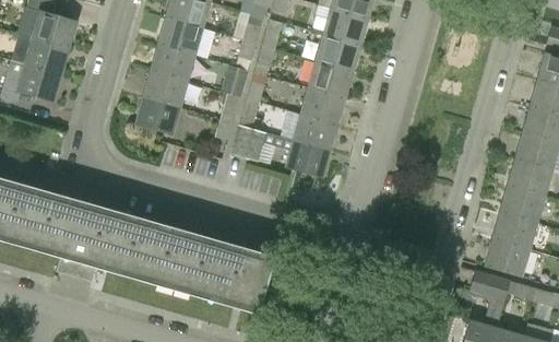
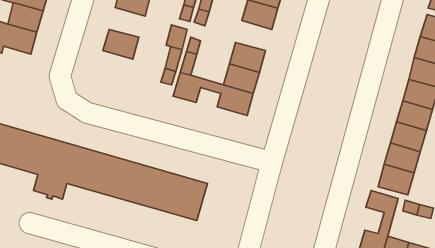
building: [151,43,195,80] -> none
building: [308,59,353,96] -> none
building: [135,96,180,134] -> none

